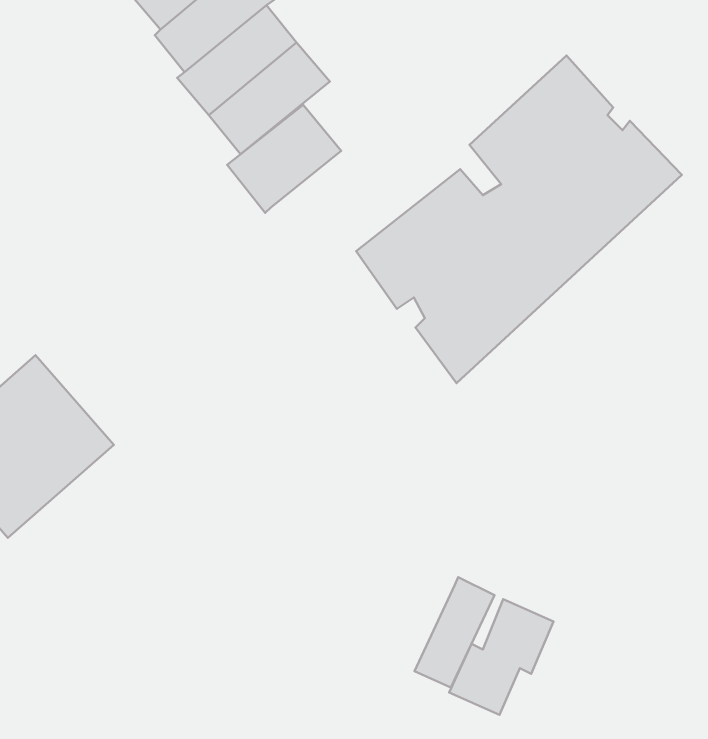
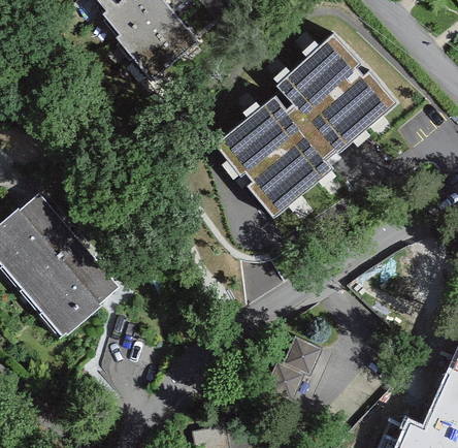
building: [227,105,341,213] -> none
building: none -> [24,247,124,345]
building: [415,577,495,688] -> none

